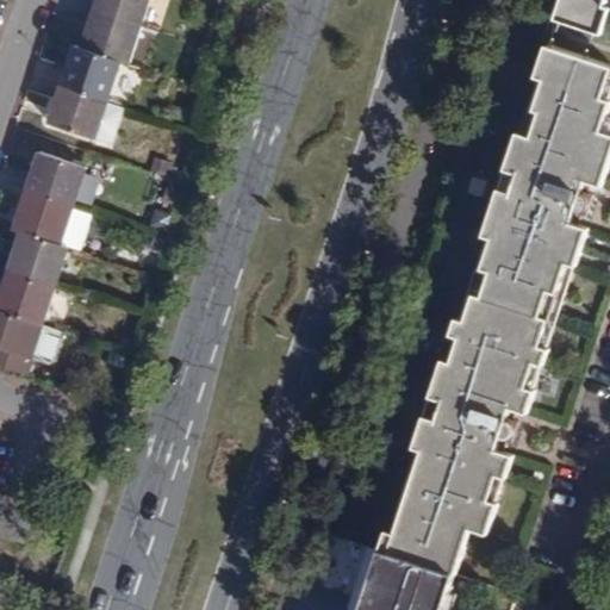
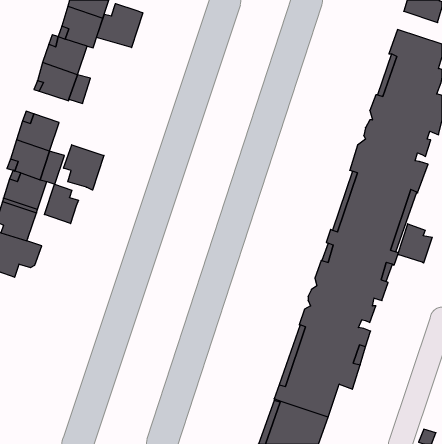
building: none -> [96,4,143,48]
building: none -> [64,145,104,190]
building: none -> [44,184,78,224]
building: none -> [398,224,432,263]

